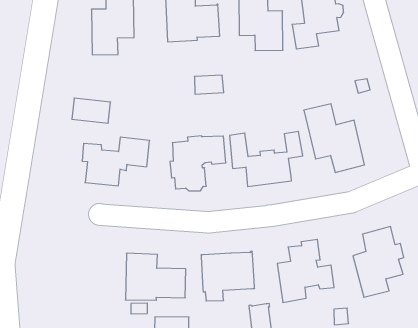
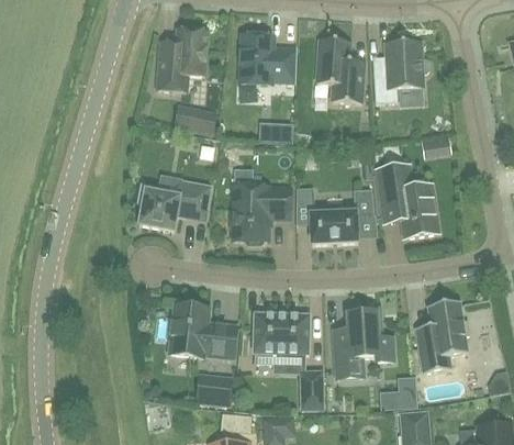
building: [72,98,111,123] -> [174,103,216,133]

